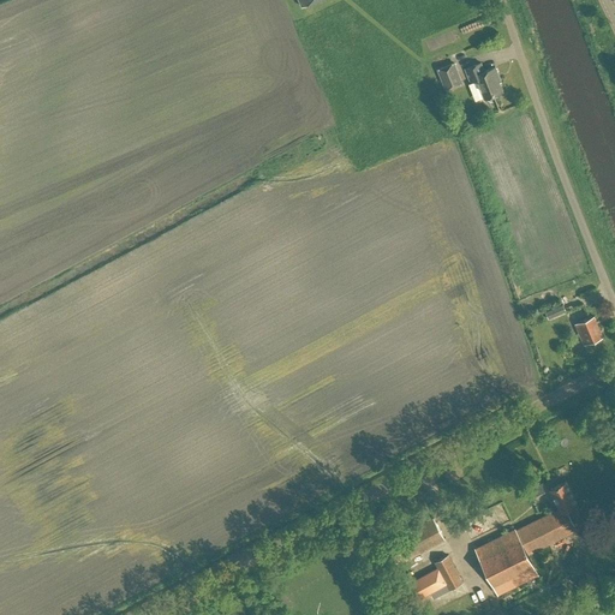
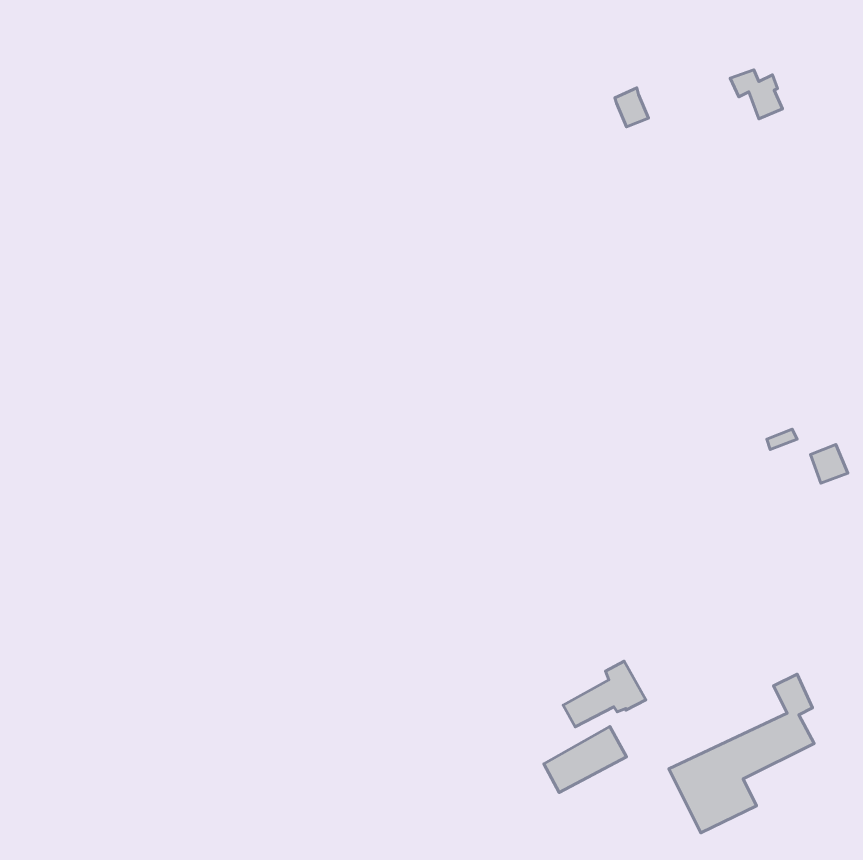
building: [464,67,501,102] -> [730,70,783,119]
building: [405,557,464,604] -> [563,661,646,727]

